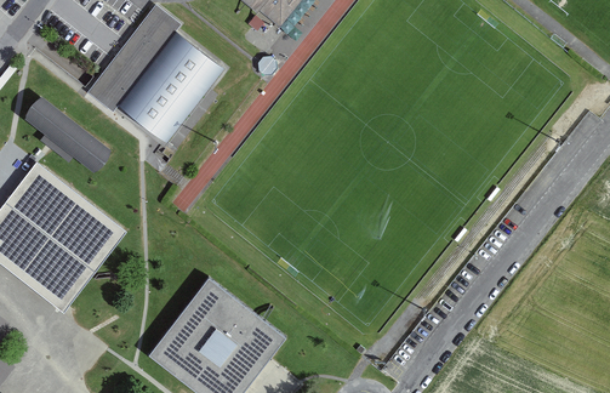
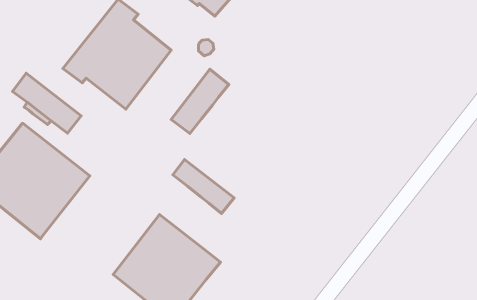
building: none -> [171,69,229,134]
building: none -> [173,159,234,213]

